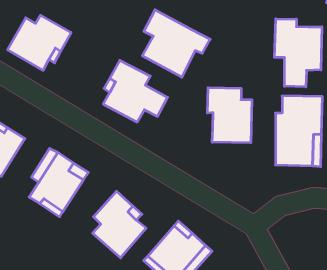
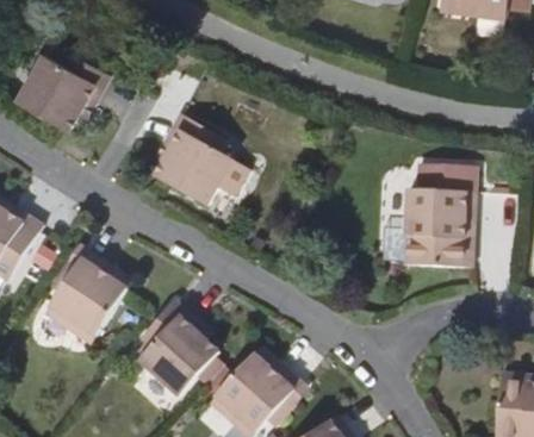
building: [142,10,210,77] -> none
building: [274,19,322,87] -> none
building: [207,88,252,143] -> none

